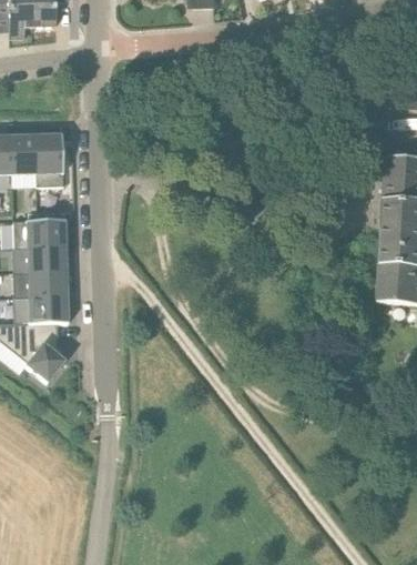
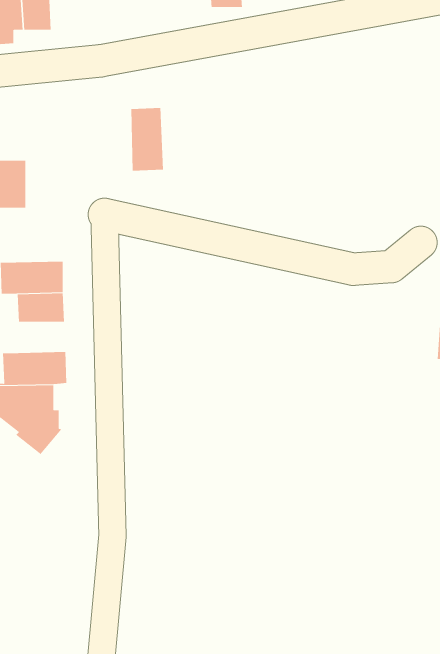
building: [34,132,62,185] -> [131,107,164,171]
building: [27,270,67,295] -> none

